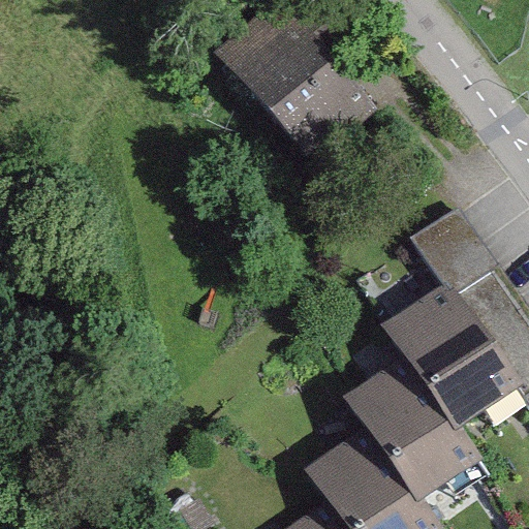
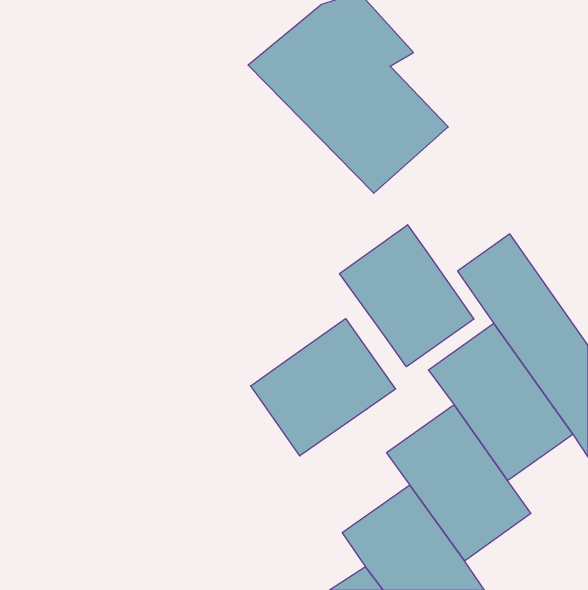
building: none -> [340,225,474,367]
building: none -> [251,319,396,456]

